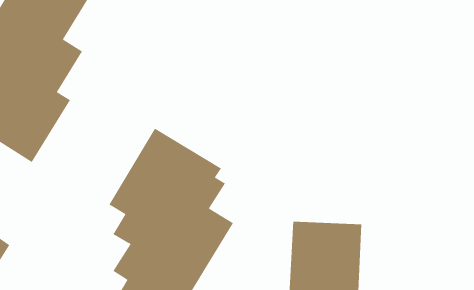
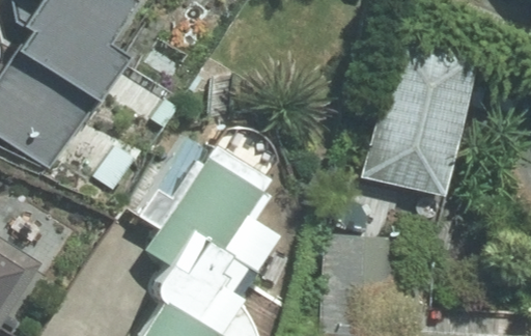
building: none -> [359,40,464,197]

